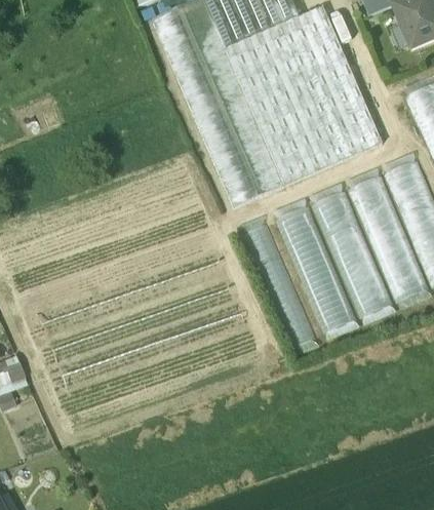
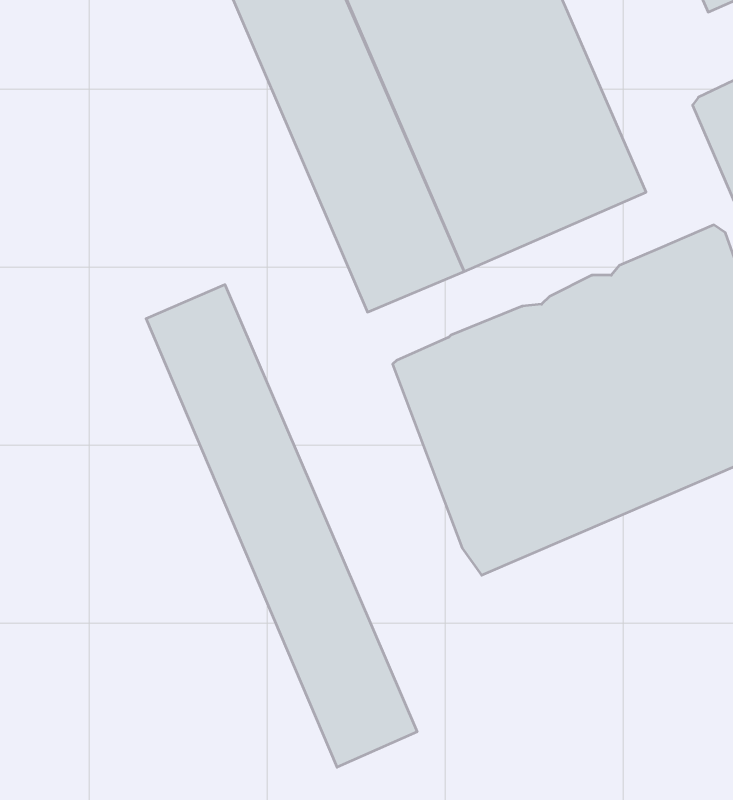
building: none -> [146,285,417,767]

